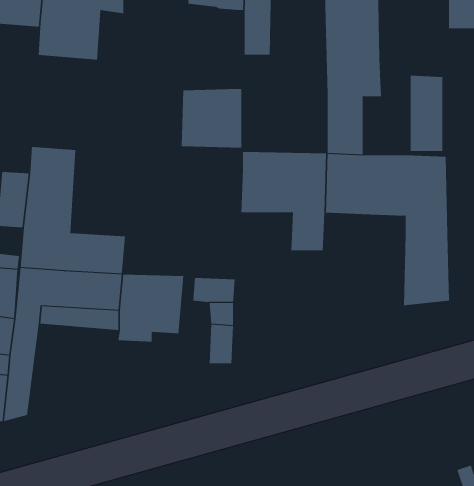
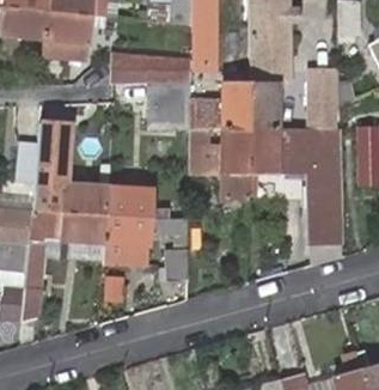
building: none -> [111,22,190,83]
building: none -> [191,84,252,127]
building: none -> [105,187,151,215]

